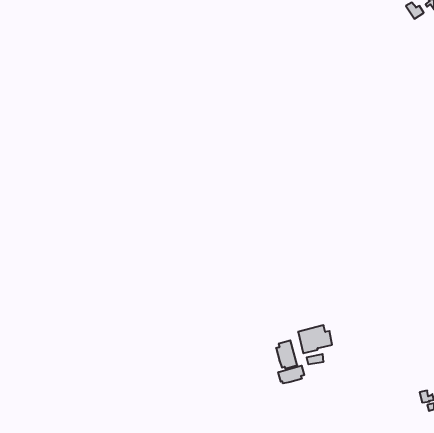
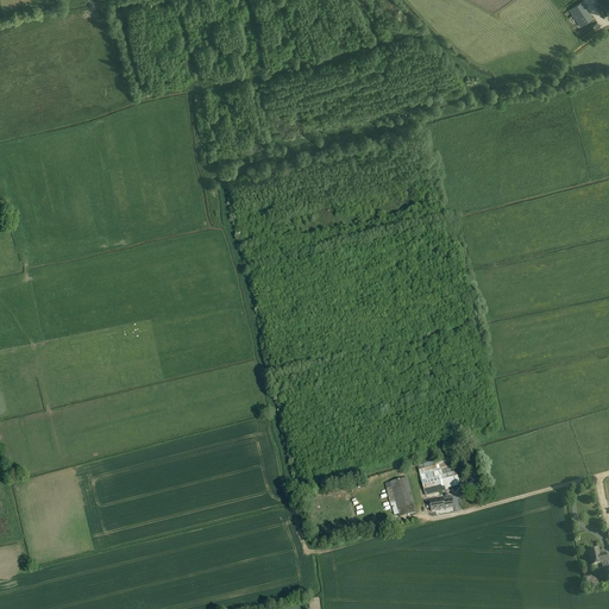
building: [278,366,304,383] -> none

